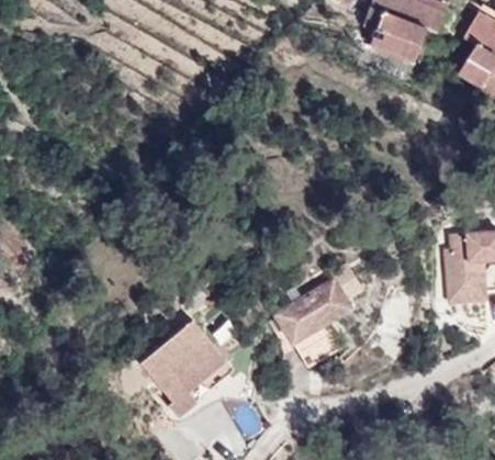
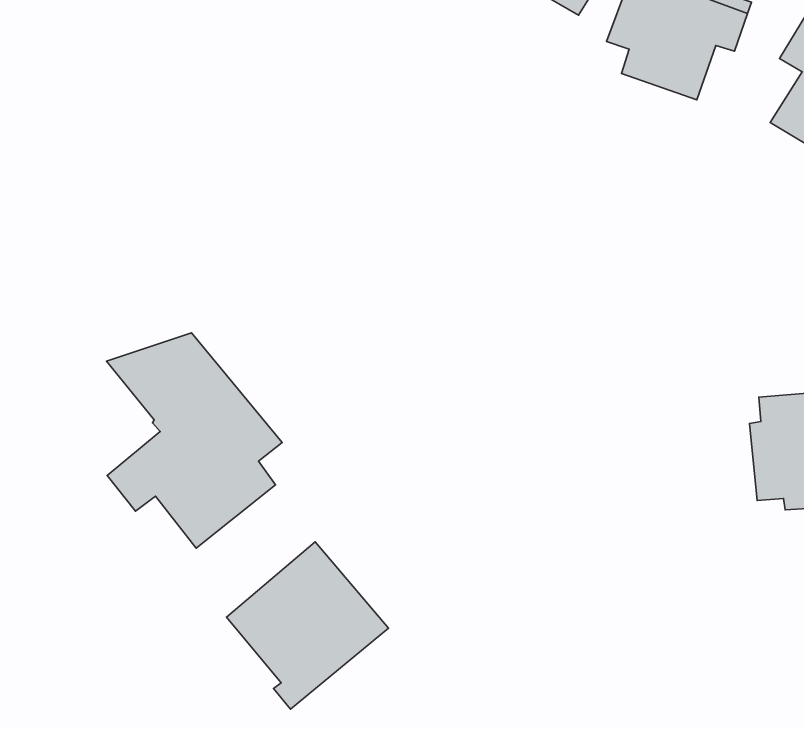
building: none -> [106,333,282,548]
building: [273,279,350,368] -> none

